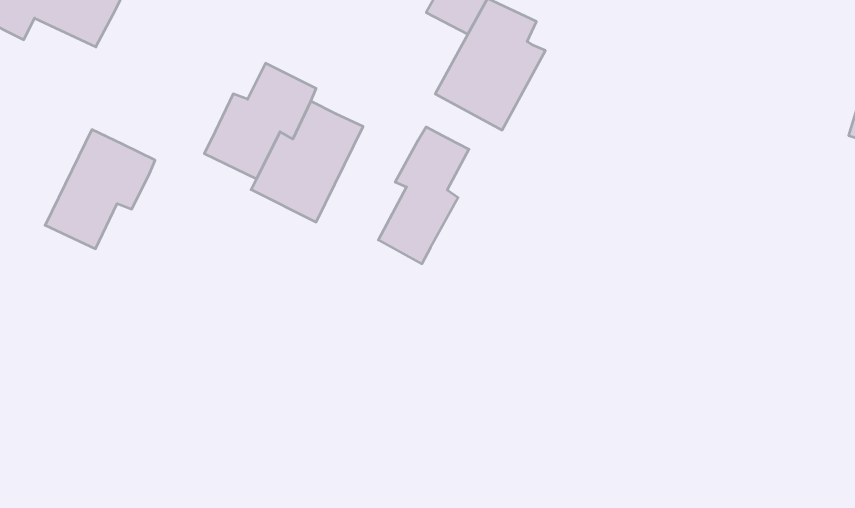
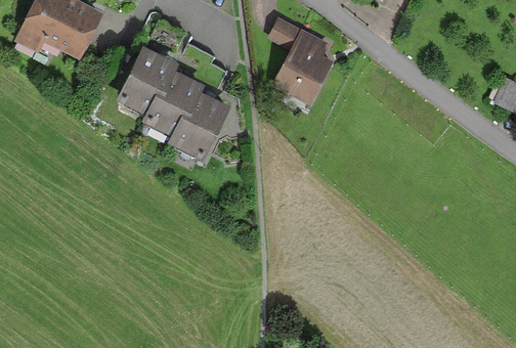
building: [378,127,469,264] -> none
building: [45,130,155,249] -> [116,44,178,112]

